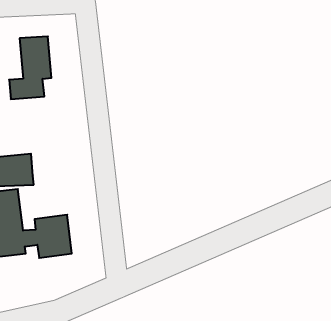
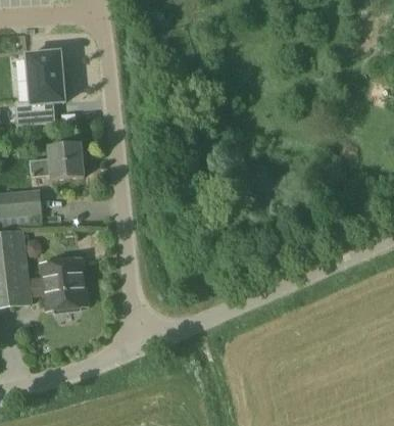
building: none -> [29,141,84,179]

